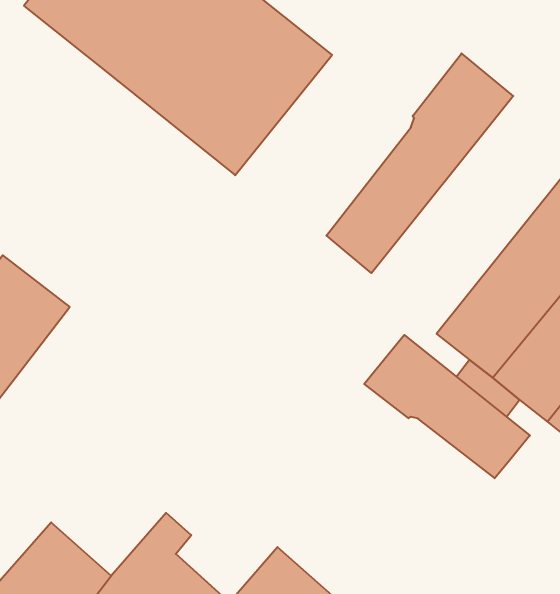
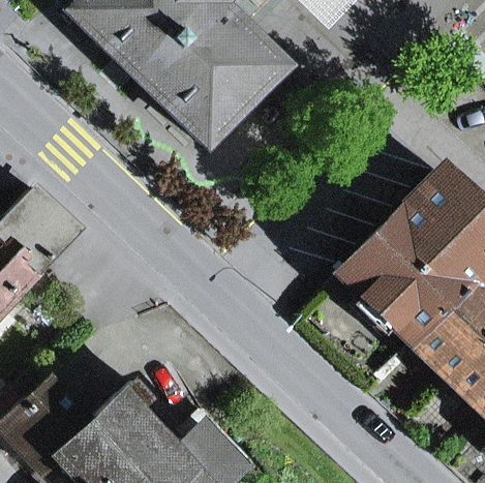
building: [326,53,513,273] -> none
building: [364,335,530,478] -> none

